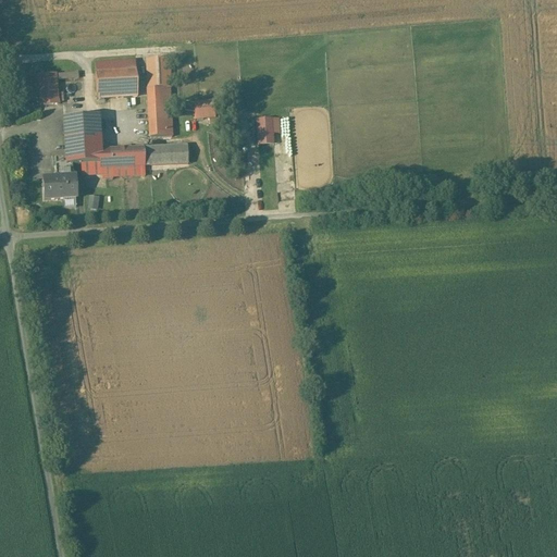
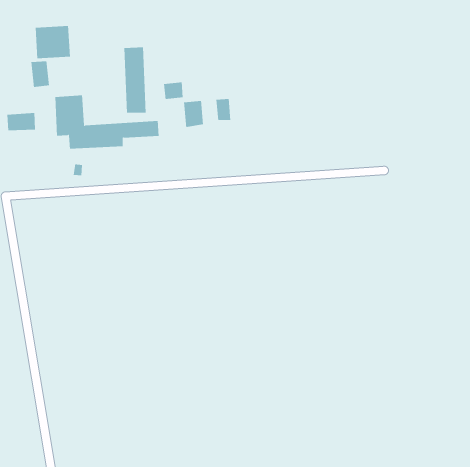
building: [95,58,137,97] -> [35,26,71,59]
building: none -> [184,100,203,128]
building: [41,176,76,198] -> [6,112,36,131]

